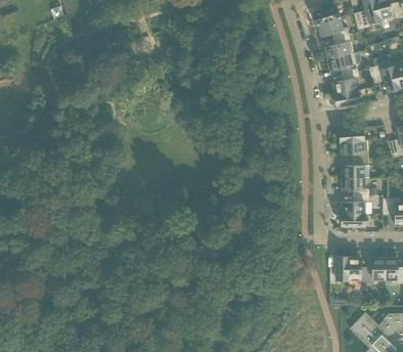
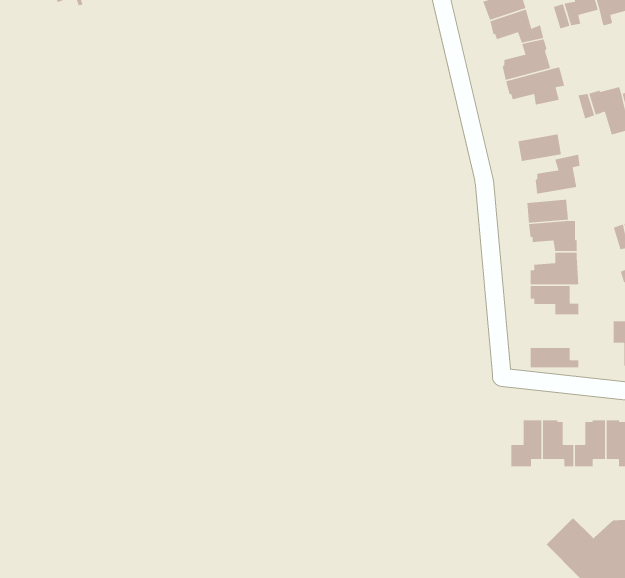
building: [331,71,358,94] -> [535,154,581,194]
building: [340,195,368,214] -> none

